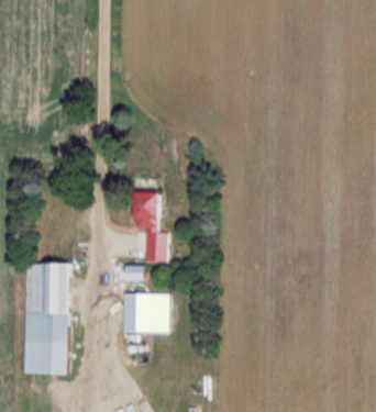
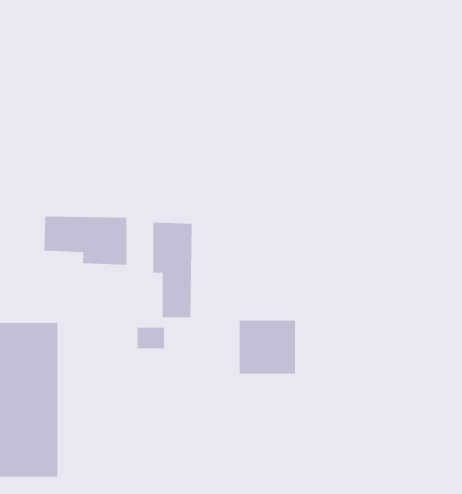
building: none -> [44,216,127,266]
building: [124,294,165,333] -> [239,320,296,374]

